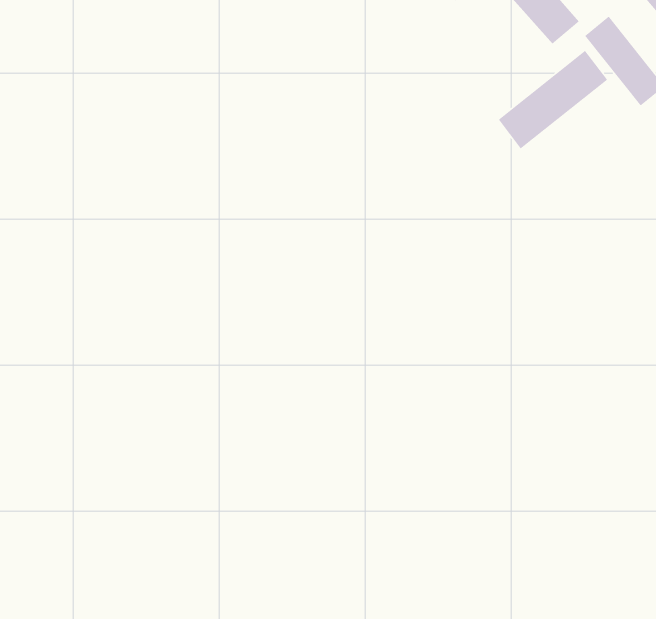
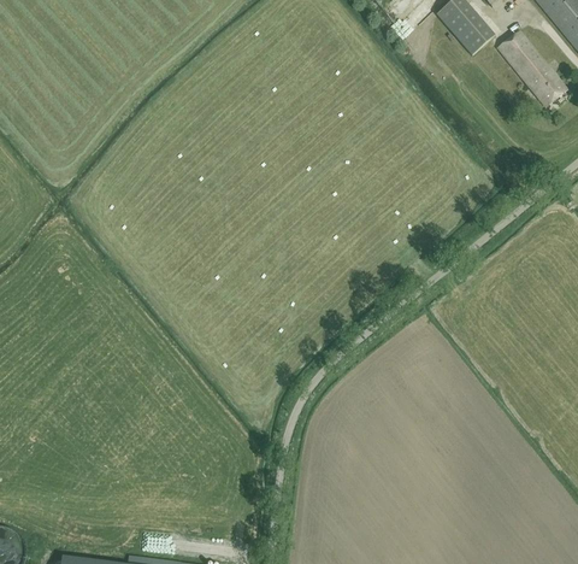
building: [498,50,608,149] -> none

